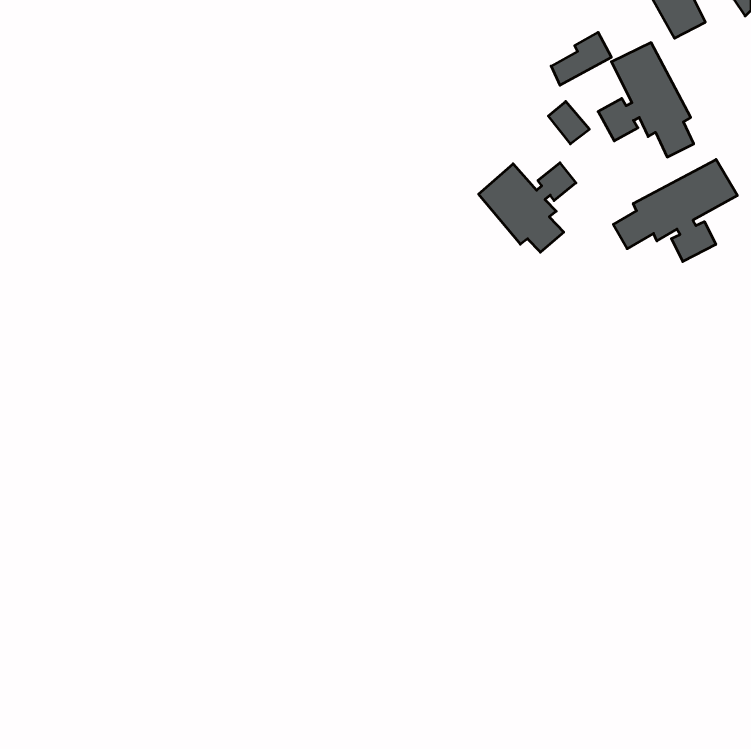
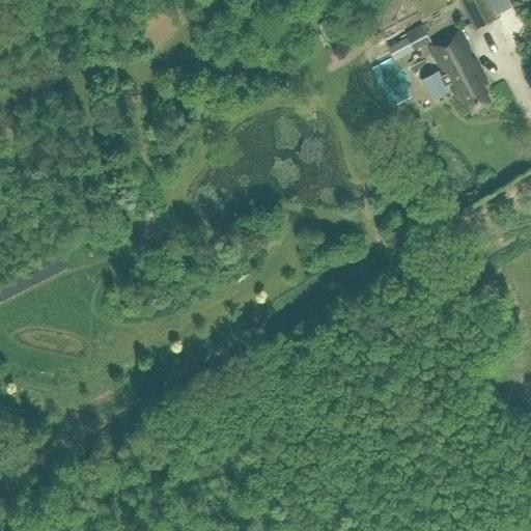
building: [613,159,737,262] -> none
building: [479,163,576,252] -> none

